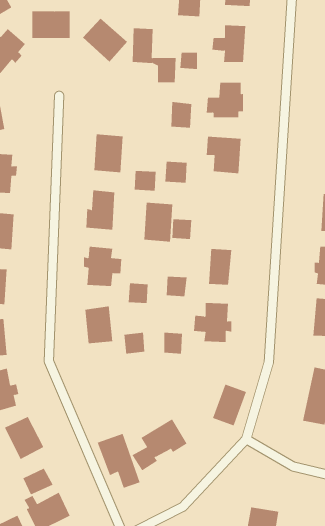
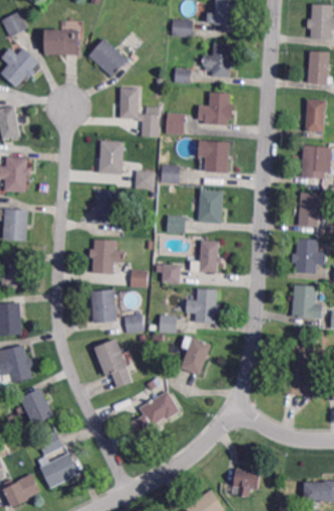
building: [132,28,177,83] -> [118,89,157,137]
building: [143,202,173,242] -> [198,188,224,224]
building: [212,384,247,426] -> [181,337,211,374]
building: [97,433,141,488] -> [92,340,130,388]

